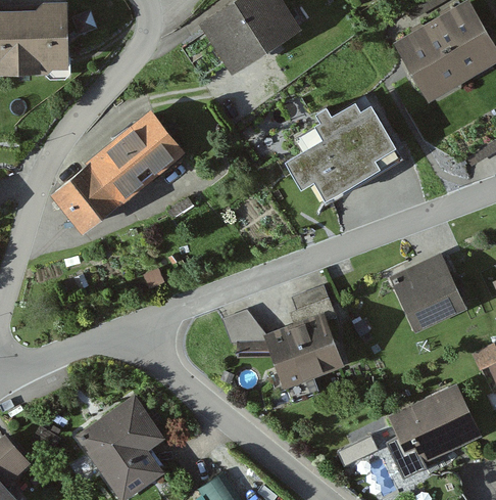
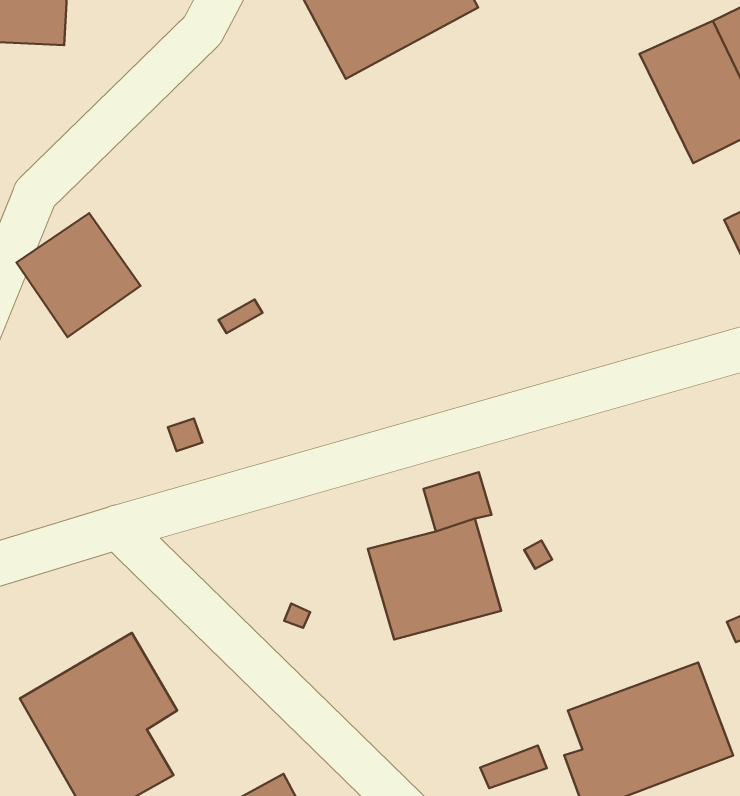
building: [292,97,400,193] -> none
building: [90,111,183,199] -> none
building: [391,257,468,333] -> none
building: [222,314,266,347] -> none

